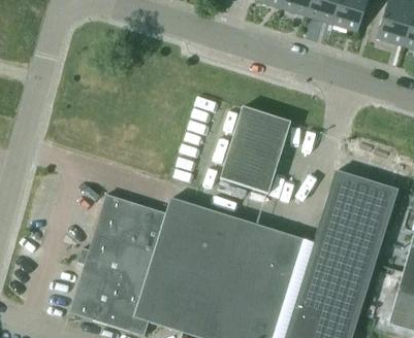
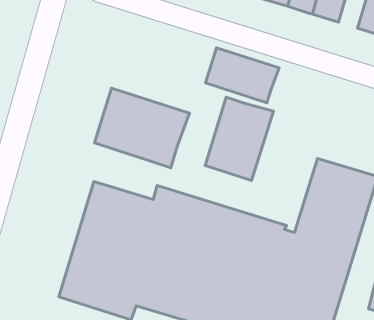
building: none -> [205,48,279,103]
building: none -> [94,88,189,168]

